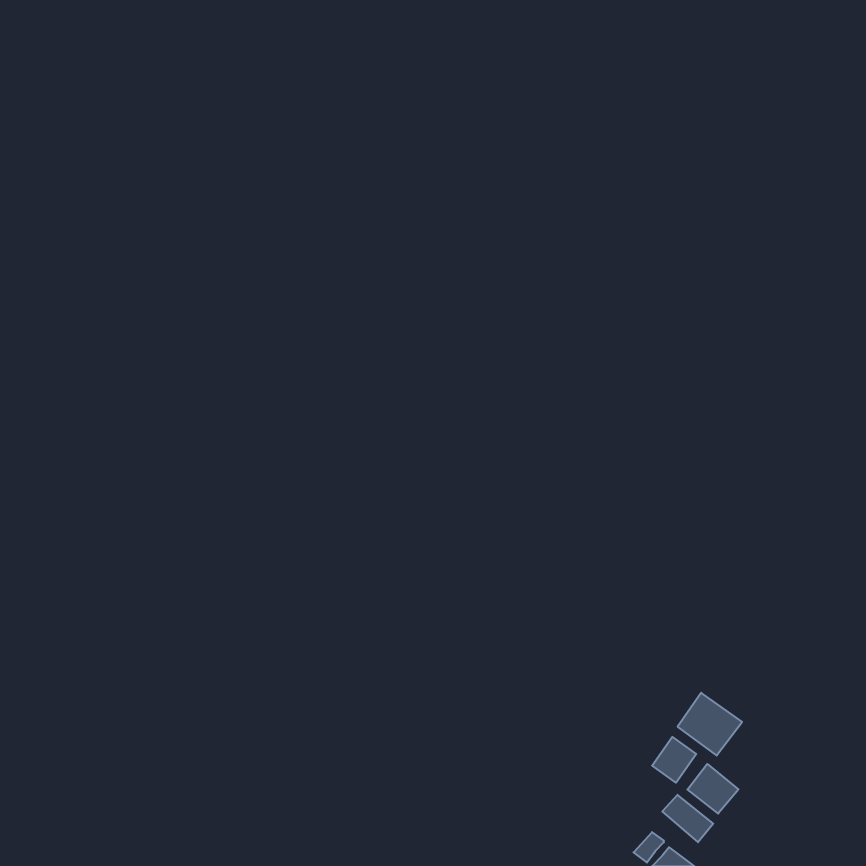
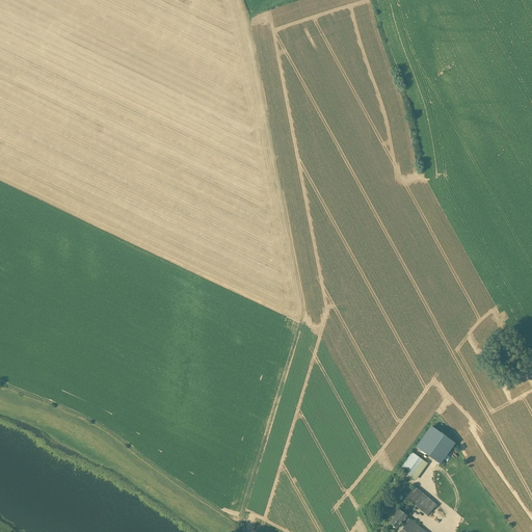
building: [687,764,738,814] -> none

